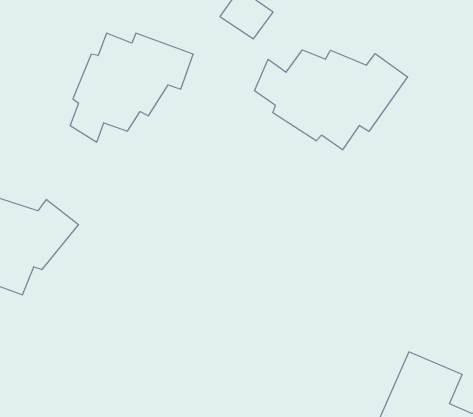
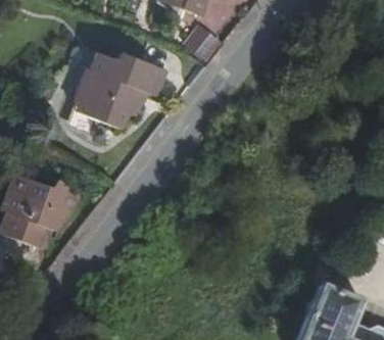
building: [255,50,408,150] -> none

